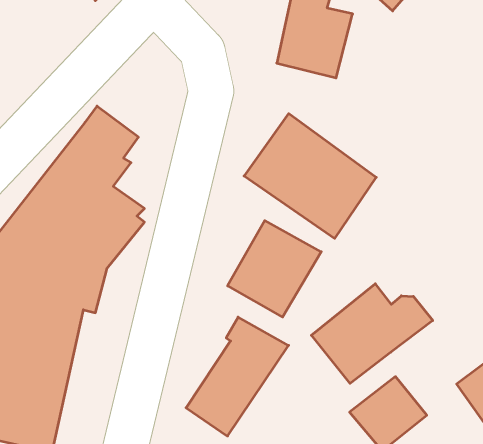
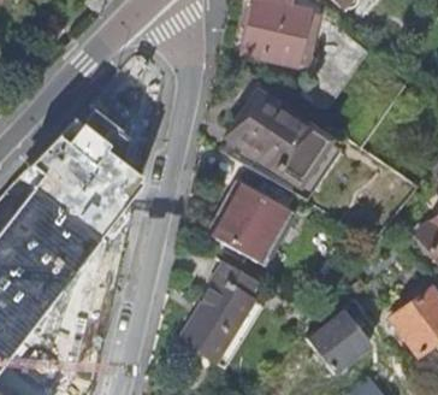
building: [311,284,433,383] -> none

